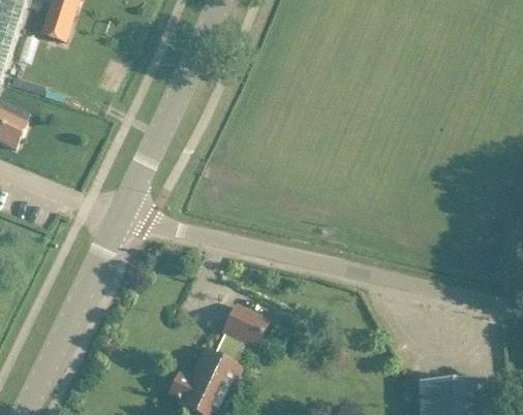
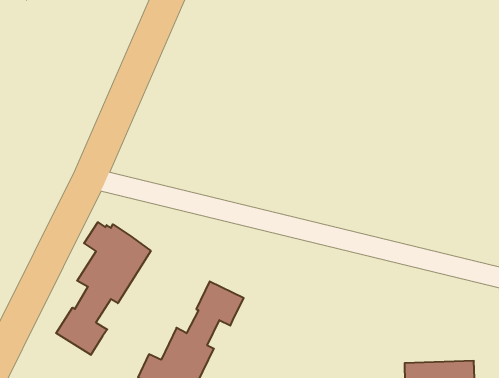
building: none -> [56,222,151,355]

